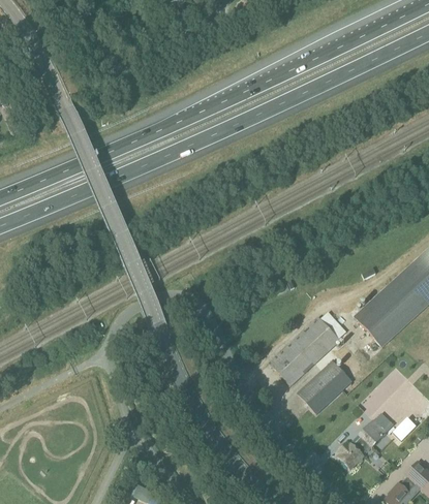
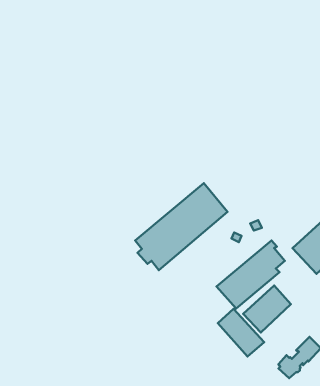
building: none -> [135,183,227,270]
building: none -> [218,309,264,357]

